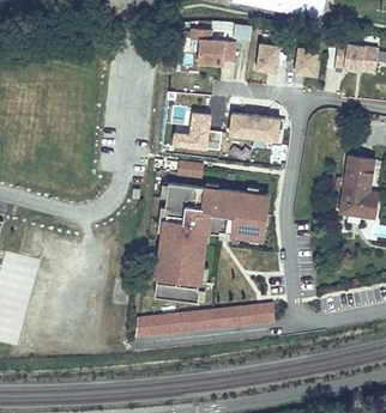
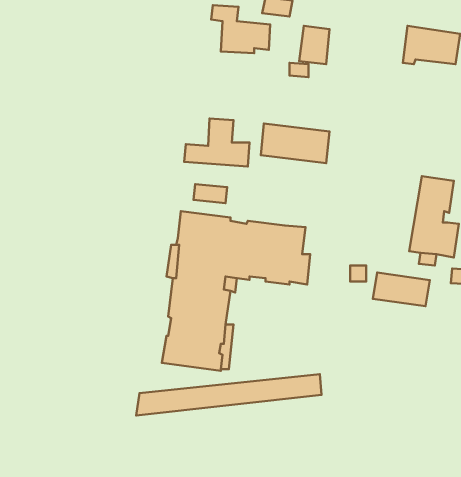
building: [295,47,318,74] -> none
building: none -> [373,273,430,306]

